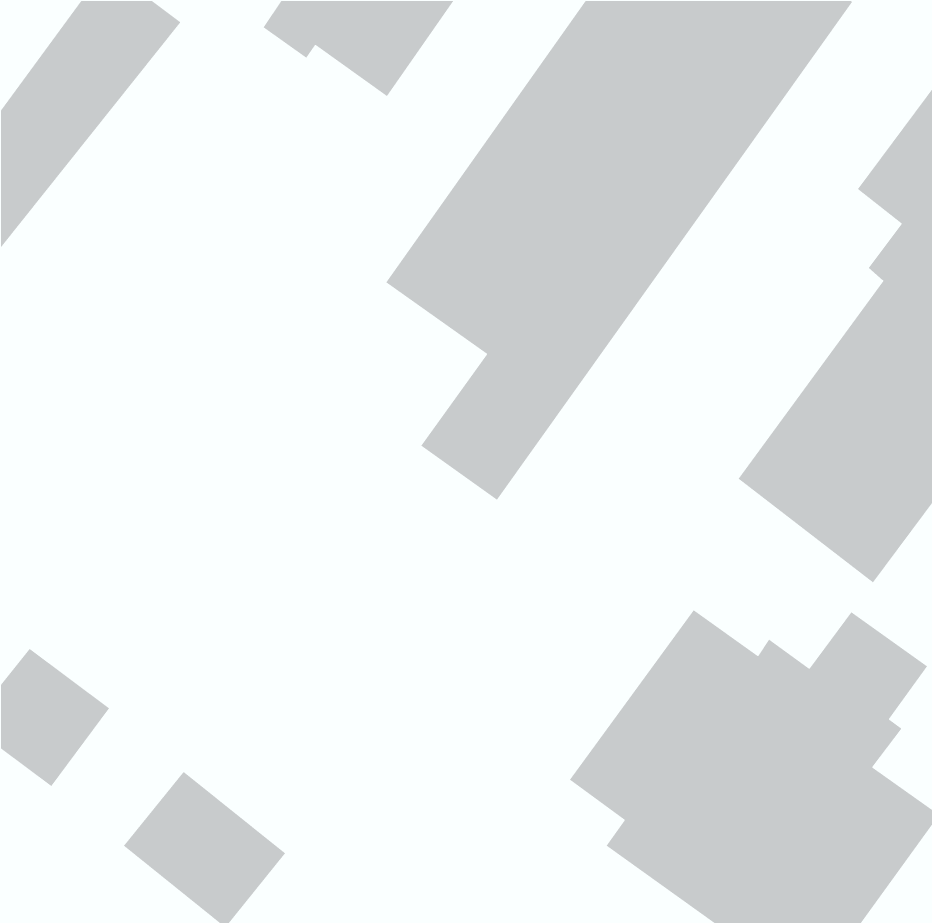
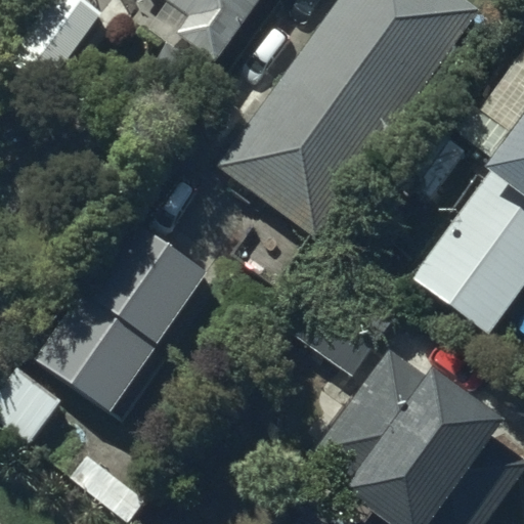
building: none -> [38,223,201,405]

